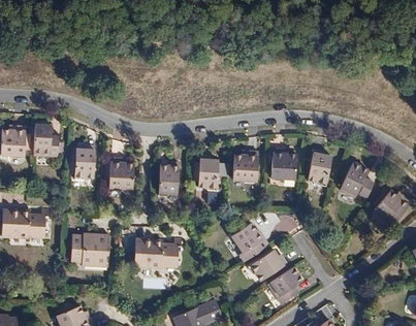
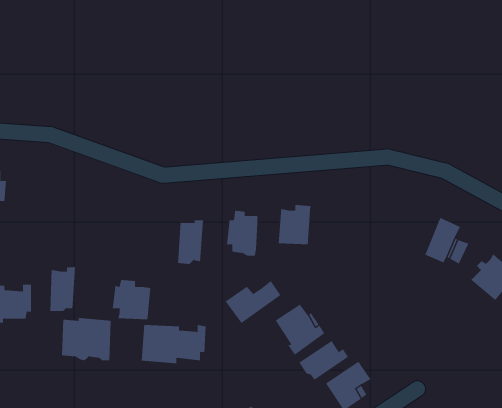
building: [34,125,59,157] -> none
building: [74,142,94,175] -> [49,267,76,312]
building: [308,149,329,184] -> none
building: [267,150,294,181] -> none
building: [103,157,132,187] -> [112,279,151,320]
building: none -> [225,280,281,324]

